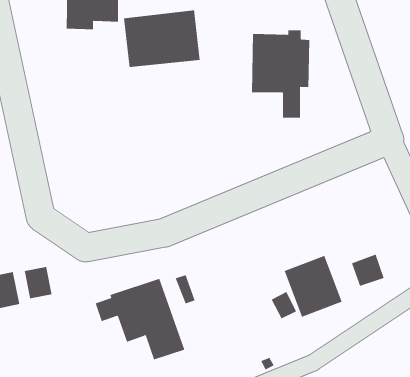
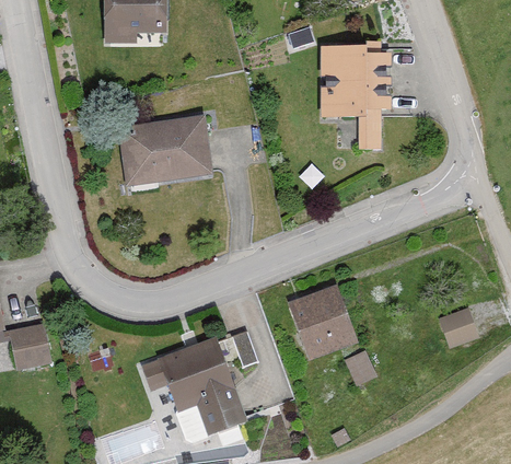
building: [123,10,201,67] -> [119,116,210,184]
building: [284,255,342,318] -> [288,283,357,357]
building: [24,266,52,299] -> none

